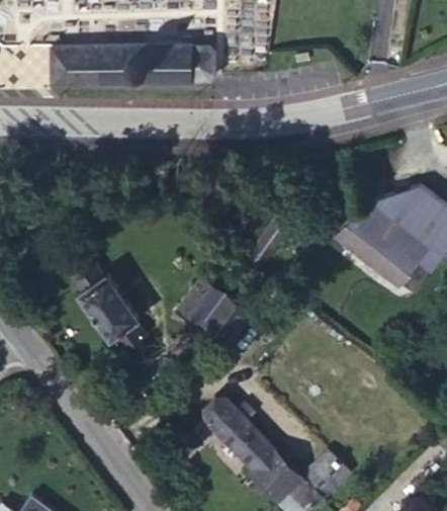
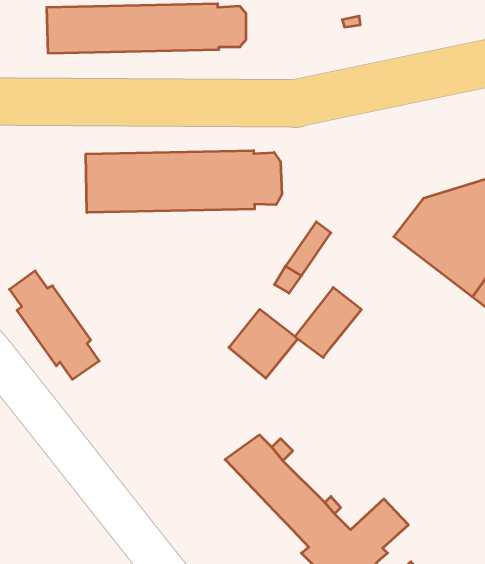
building: none -> [86,150,282,213]
building: [71,262,145,351] -> [9,271,99,379]
building: [171,277,226,335] -> [295,287,361,358]

